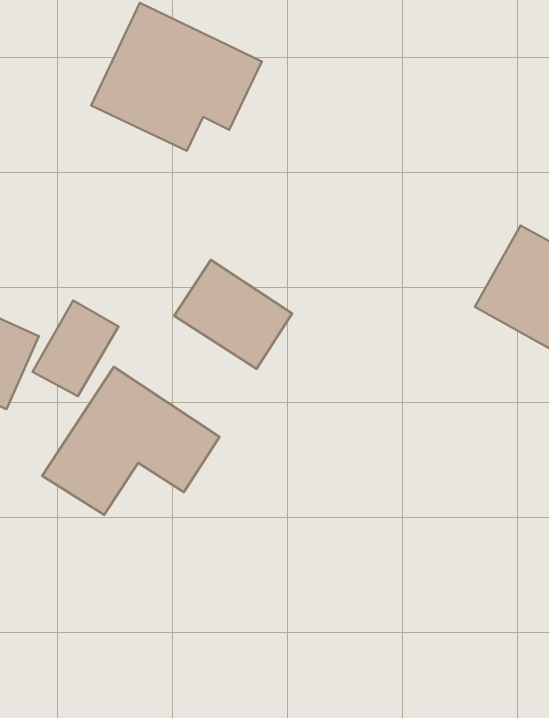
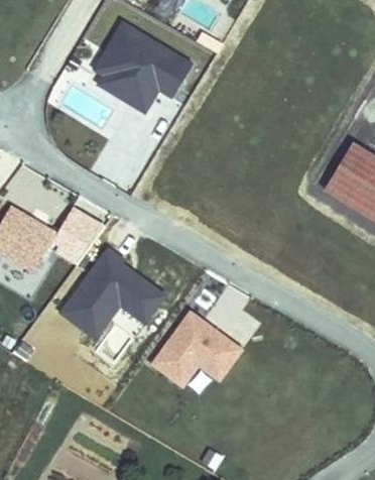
building: [174,260,292,369] -> none
building: none -> [148,308,244,387]

